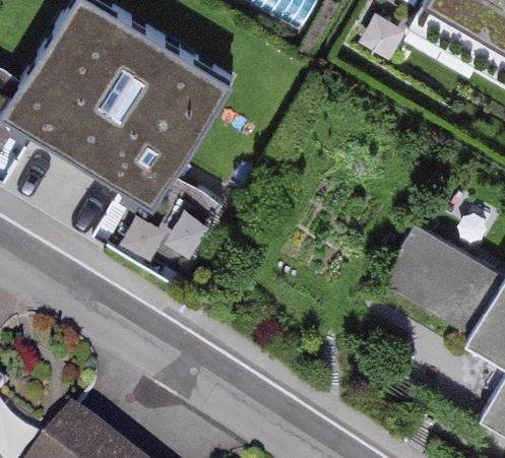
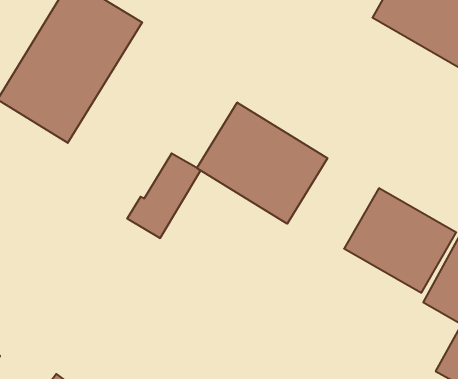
building: [82,38,236,212] -> none
building: none -> [197,102,327,224]

